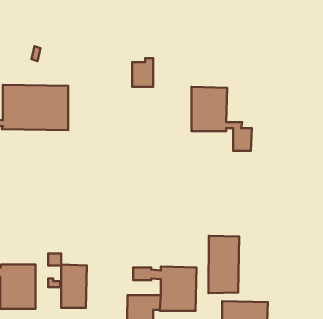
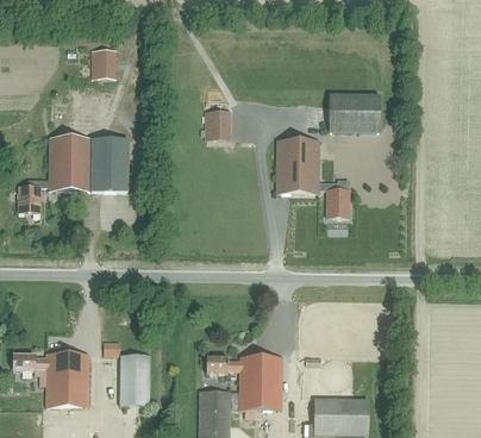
building: none -> [90,50,115,79]
building: none -> [329,94,380,131]
building: [209,236,239,293] -> none

